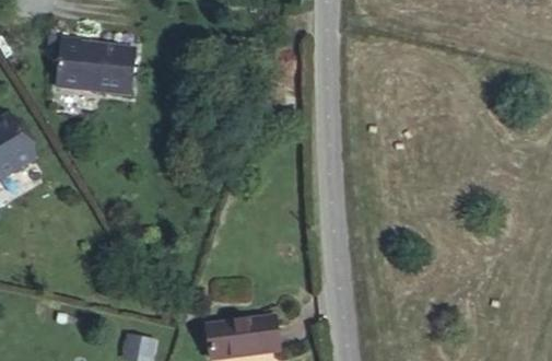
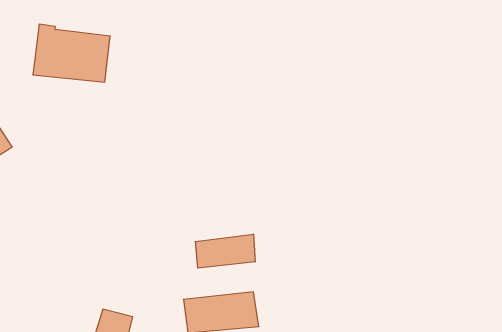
building: none -> [195,234,255,268]

